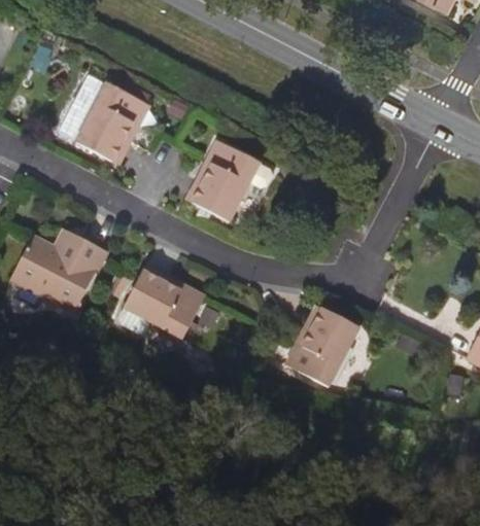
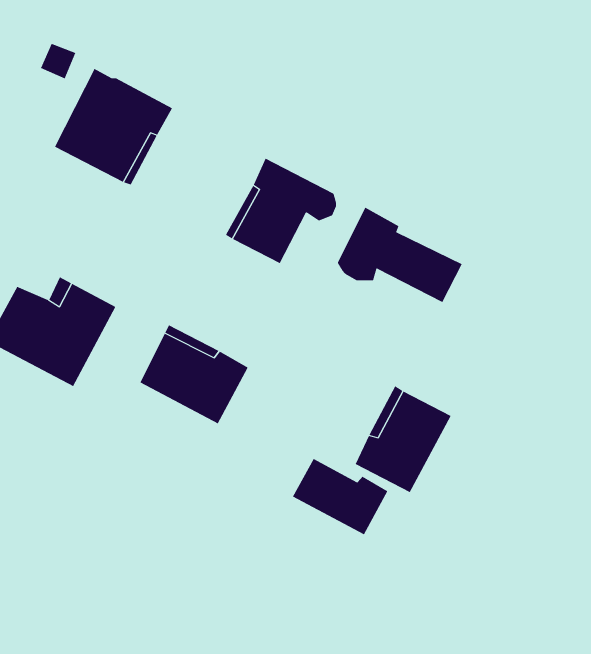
building: none -> [337,207,463,303]
building: none -> [292,458,388,535]

